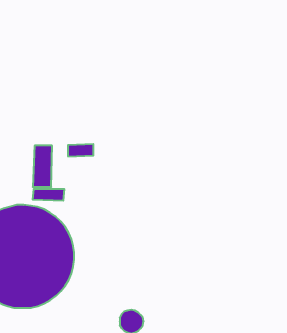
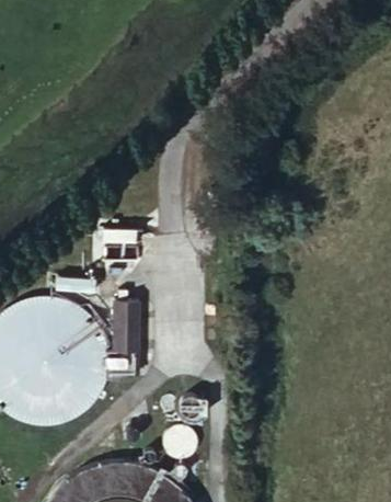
building: [33,146,52,187] -> [115,299,139,351]

